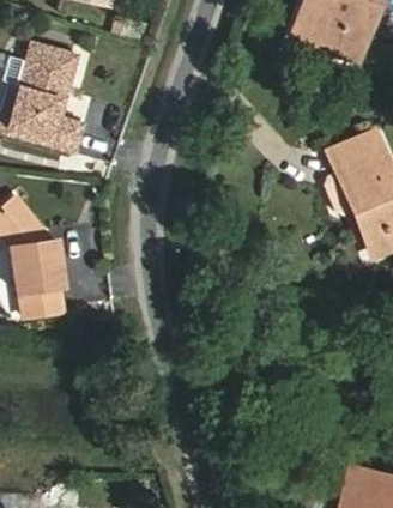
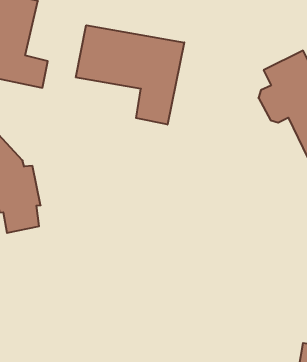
building: none -> [76,25,184,125]

